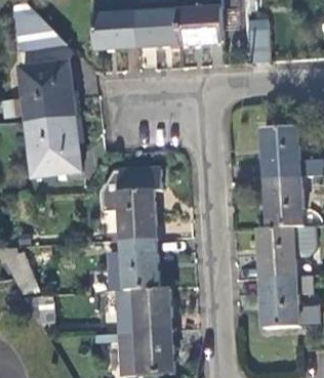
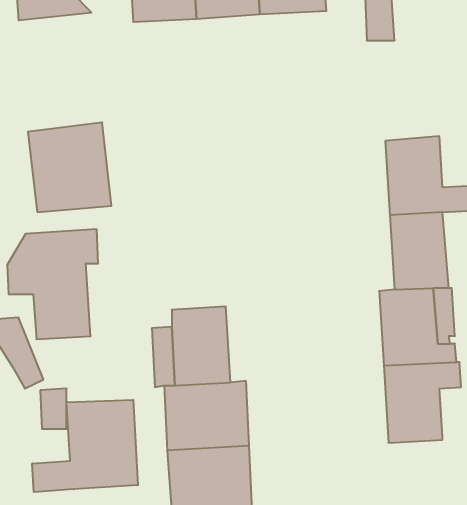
building: [21,61,75,123] -> none
building: [102,168,162,241] -> [7,229,98,339]
building: none -> [32,400,138,492]

